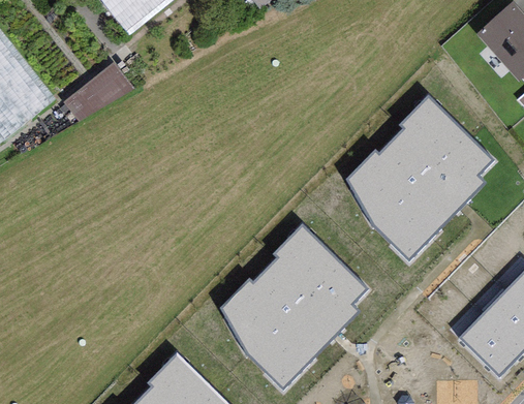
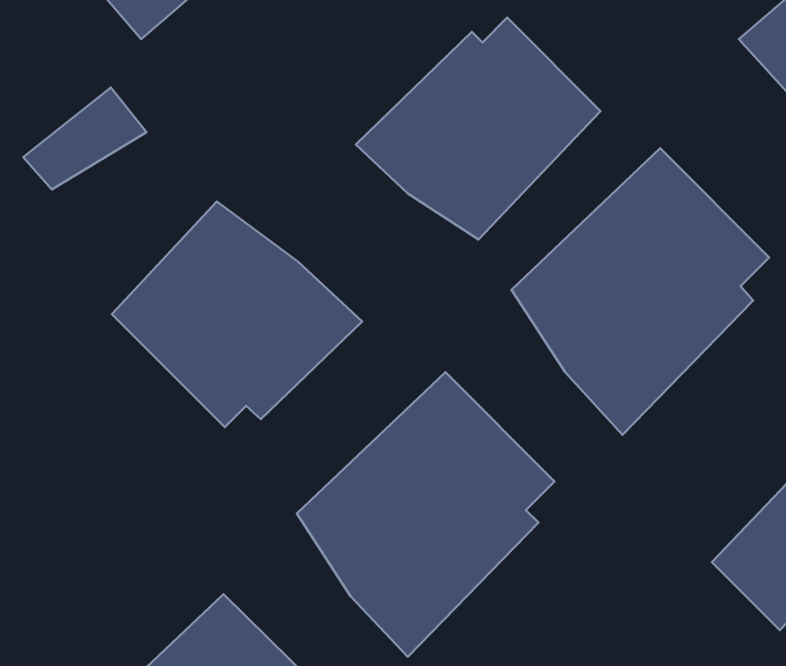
building: none -> [356,18,601,240]
building: none -> [112,202,362,427]

